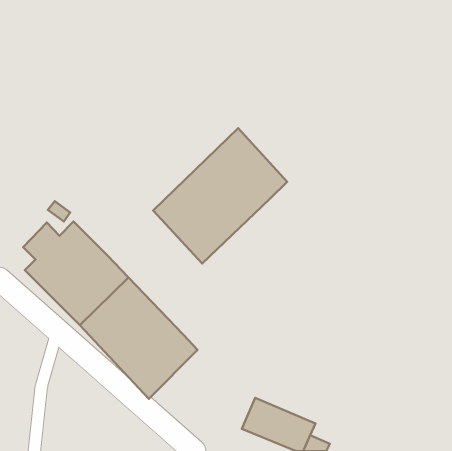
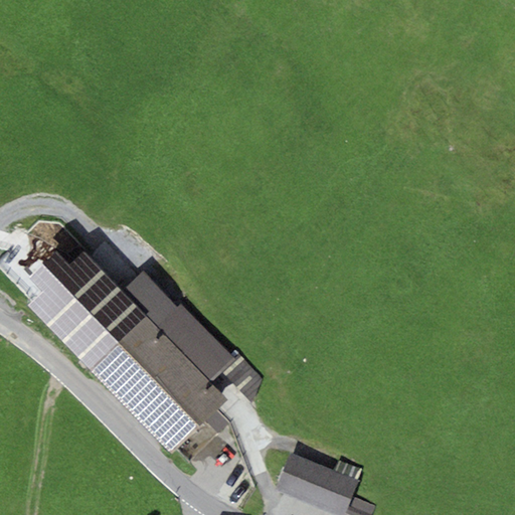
building: [153,128,287,263] -> none
building: none -> [122,271,233,380]

